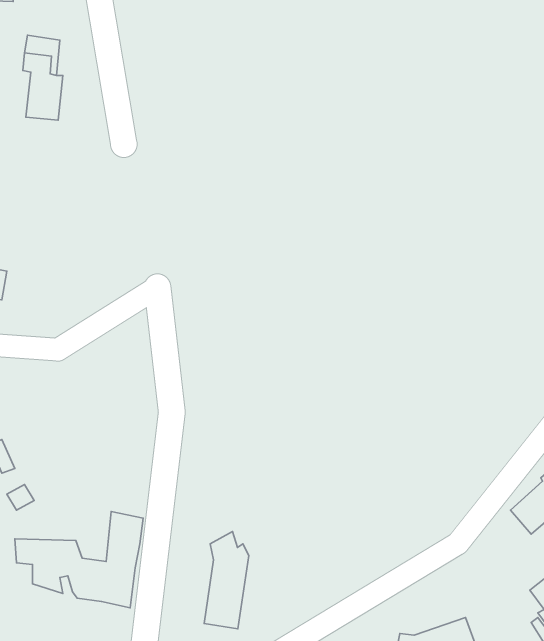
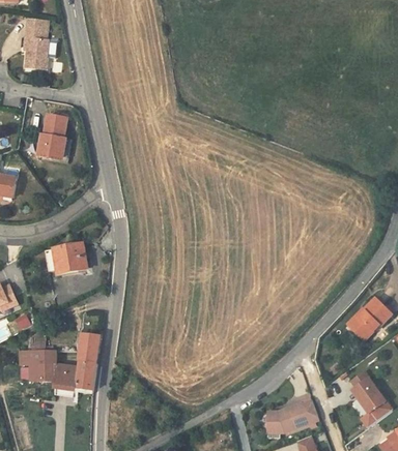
building: none -> [40,116,66,156]
building: none -> [42,244,88,277]
building: [204,532,249,629] -> none

